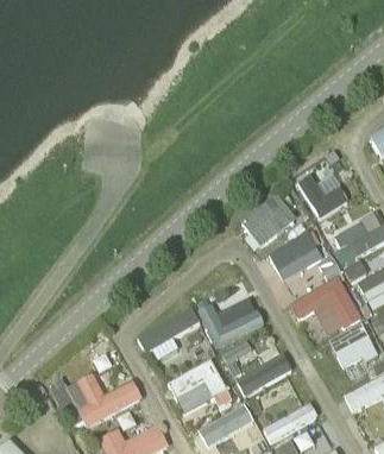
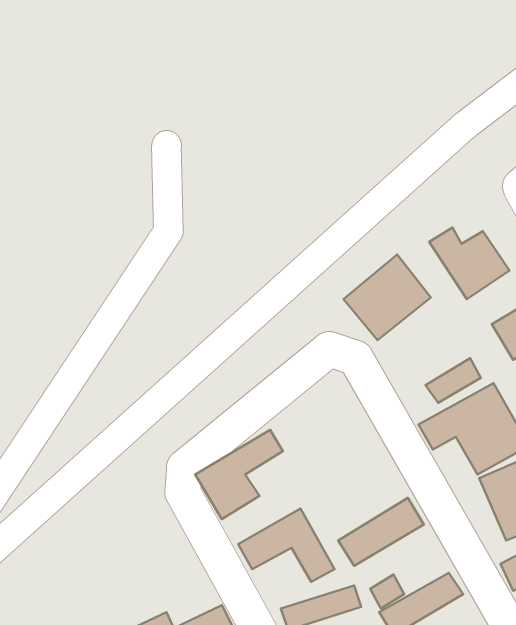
building: [267,232,322,280] -> none
building: [197,301,263,347] -> none
building: [56,371,140,429] -> none

